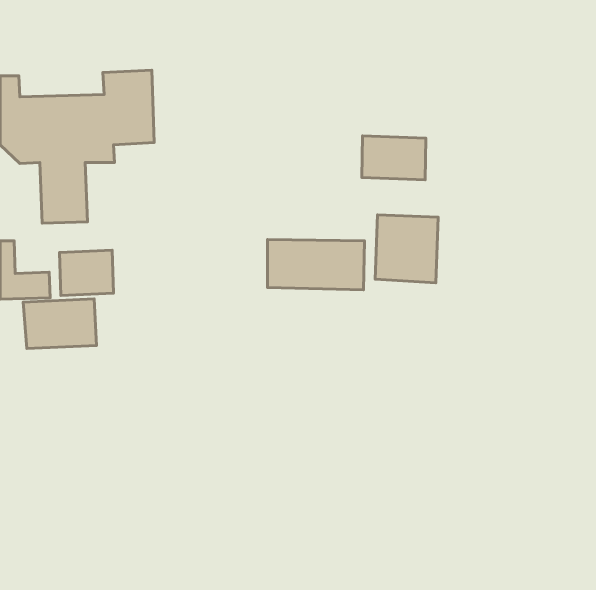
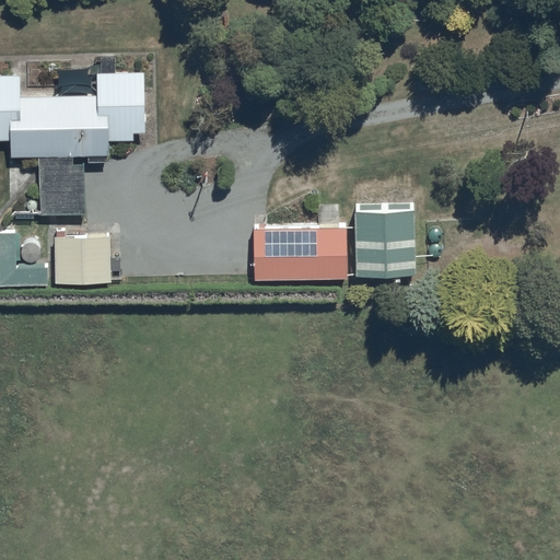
building: [362,136,426,180] -> none
building: [23,299,97,349] -> none

